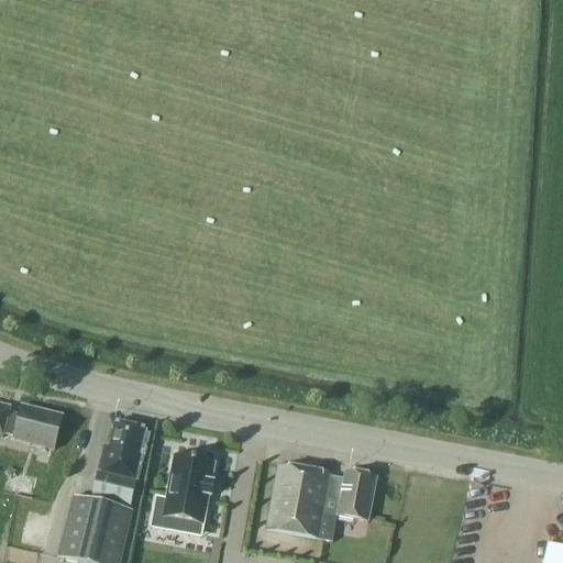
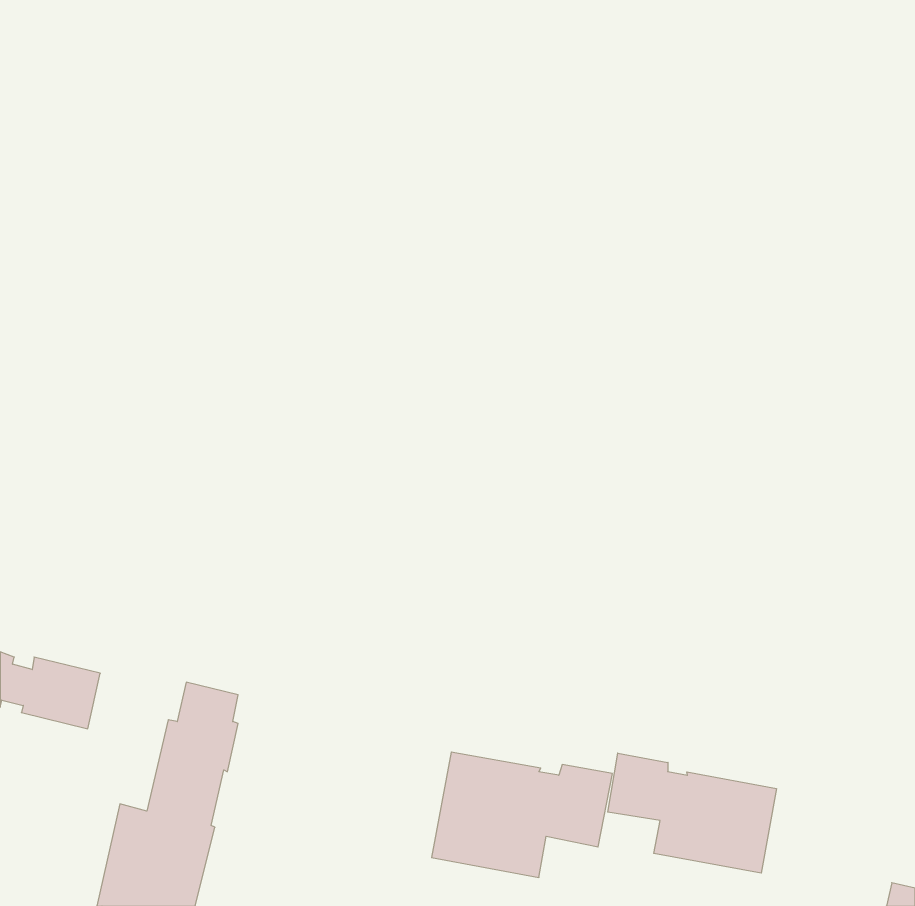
building: [163,454,212,522] -> none
building: none -> [608,753,776,873]

